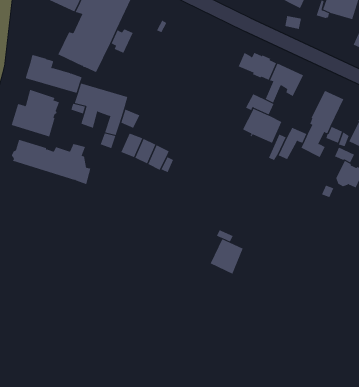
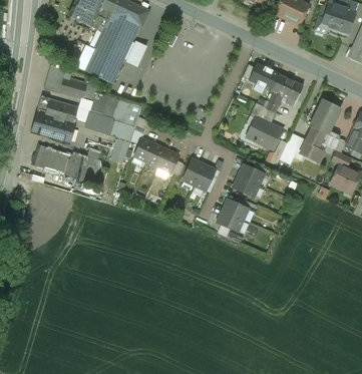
building: none -> [183,158,216,191]
building: none -> [233,163,264,197]
building: [210,239,244,275] -> [217,199,248,232]

